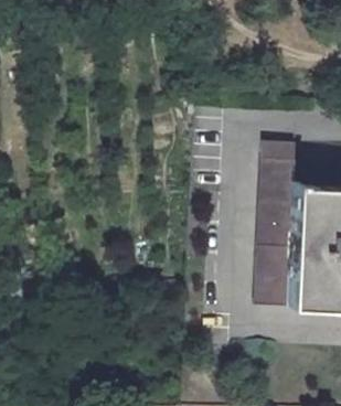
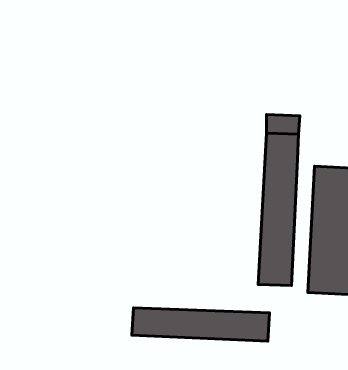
building: none -> [132,308,270,341]

